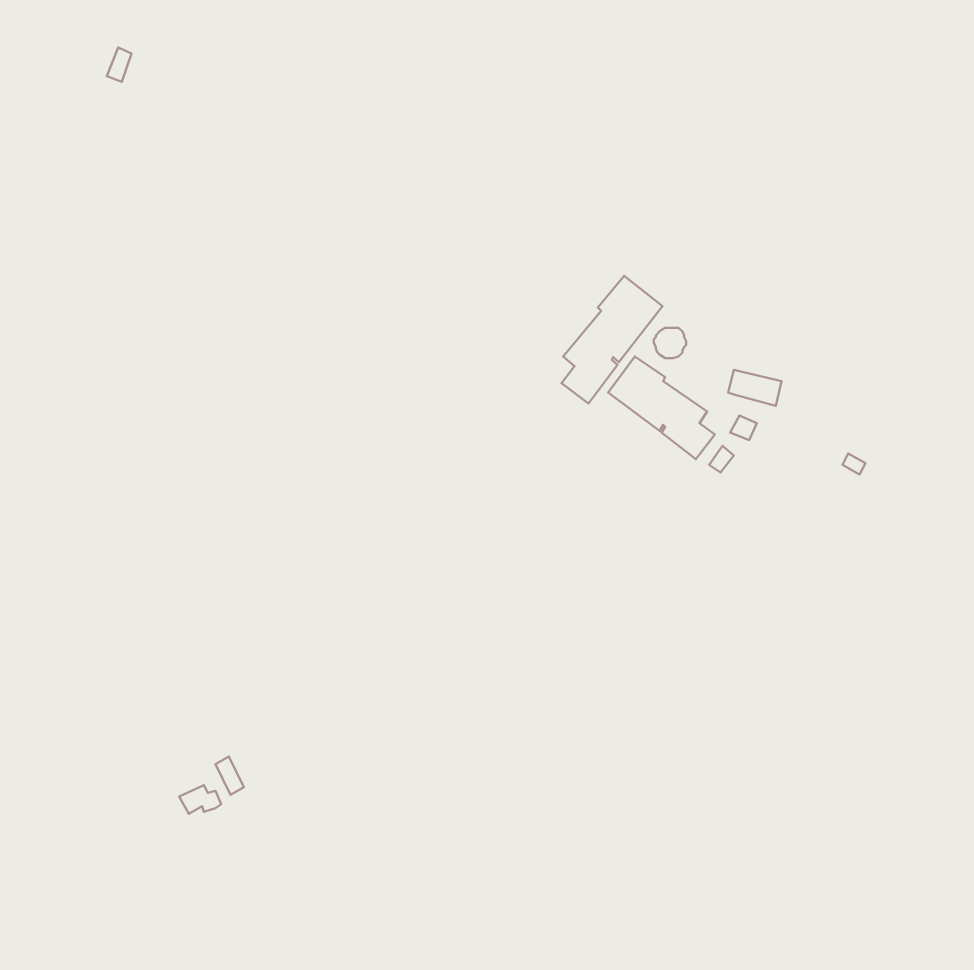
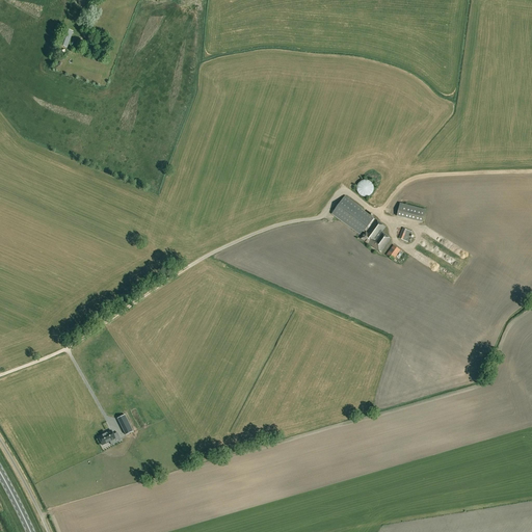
building: [562,276,663,403] -> none

